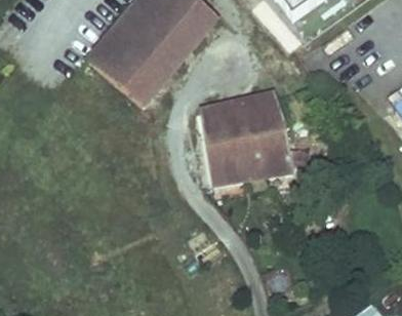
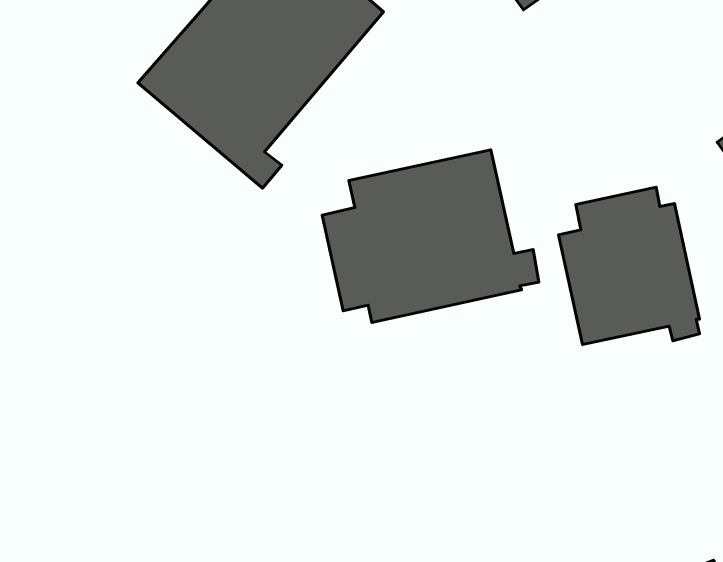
building: none -> [559,187,700,345]

